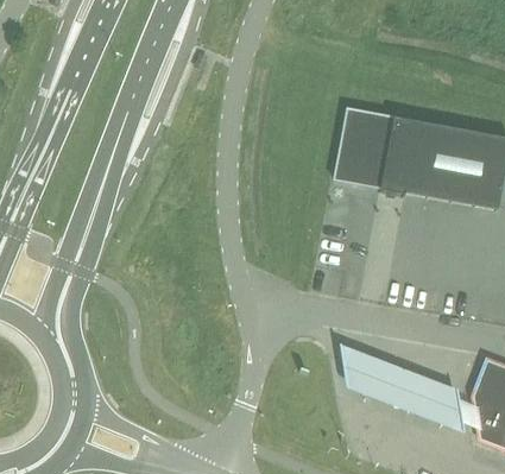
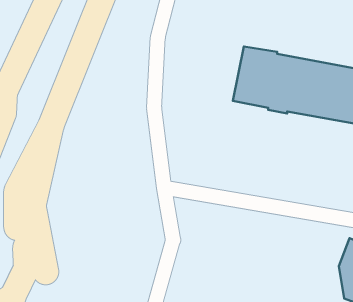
building: [341,343,466,432] -> none

